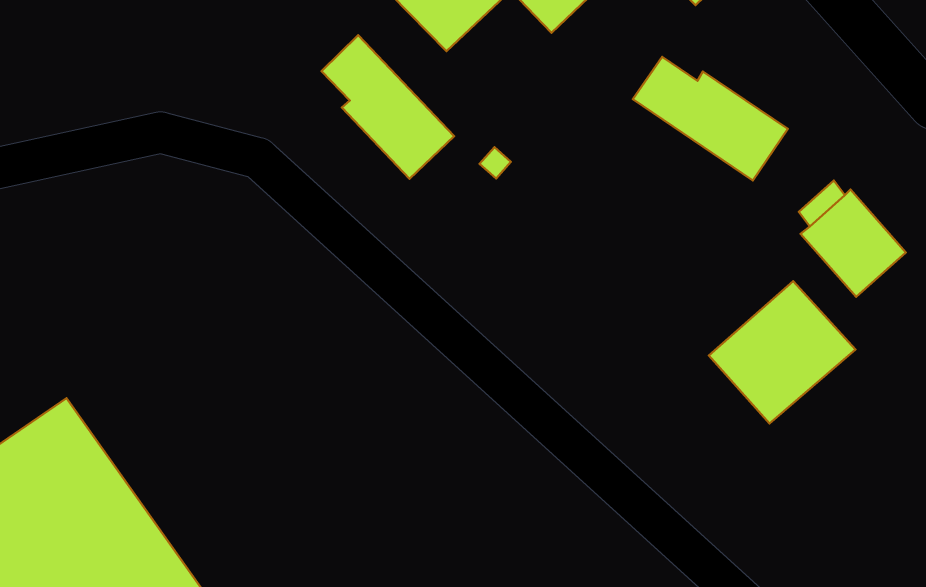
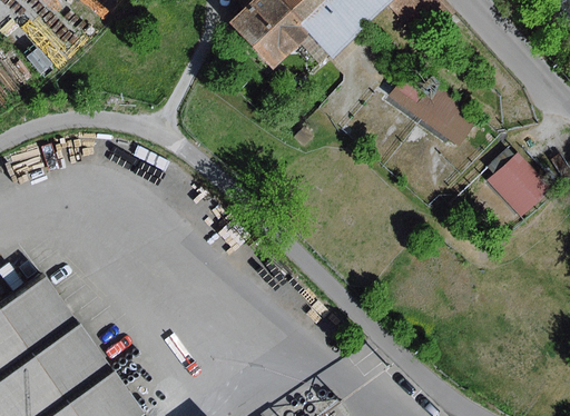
building: [322,35,454,179] -> none
building: [709,281,856,424] -> none

